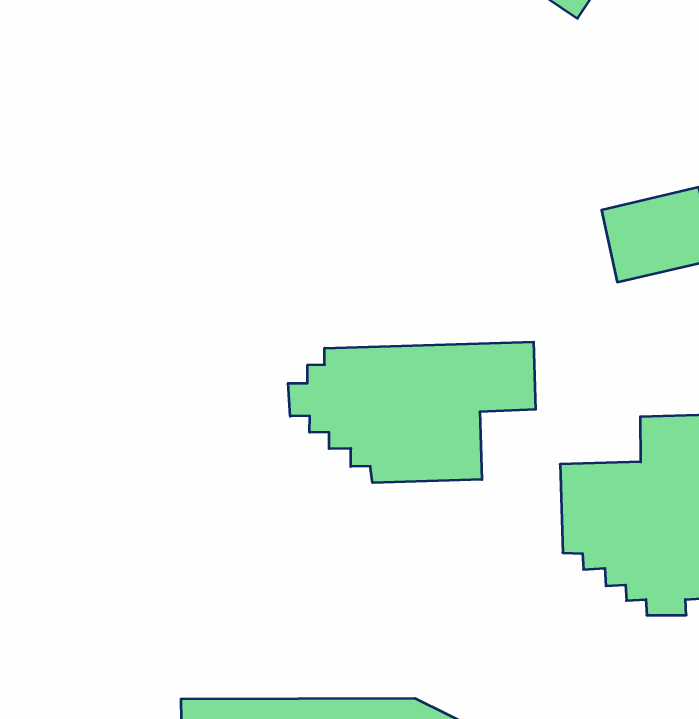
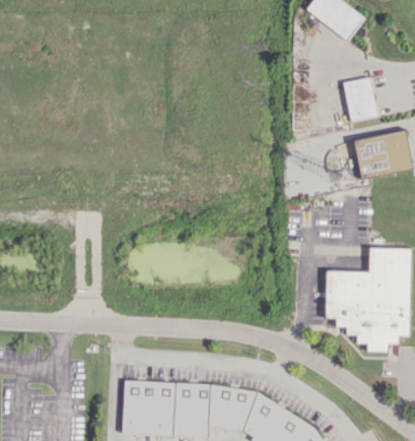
building: none -> [342,77,376,122]
building: [288,342,536,483] -> none

